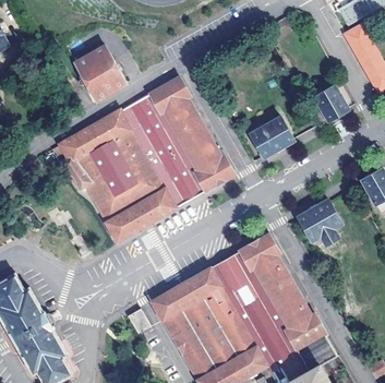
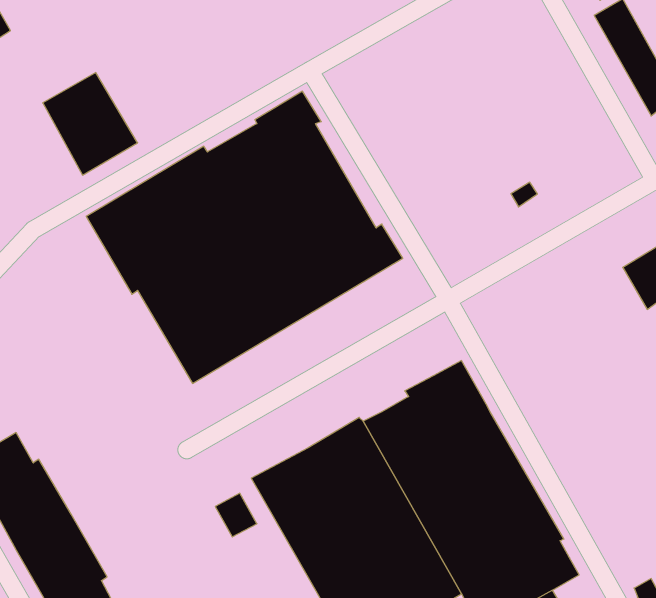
building: [75,44,130,103] -> [43,73,138,175]
building: [314,83,348,119] -> none
building: [250,115,293,156] -> none
building: [298,199,342,244] -> none

